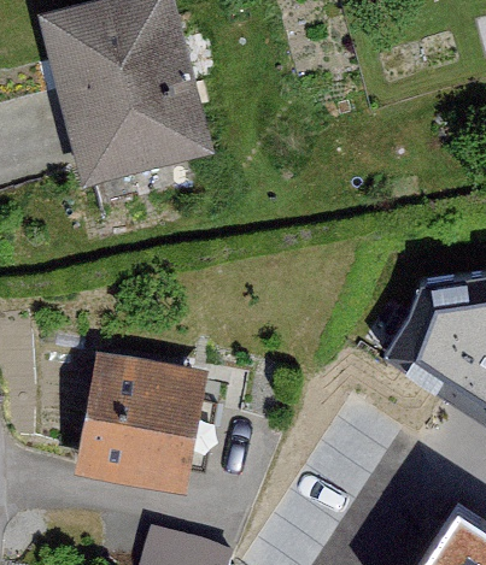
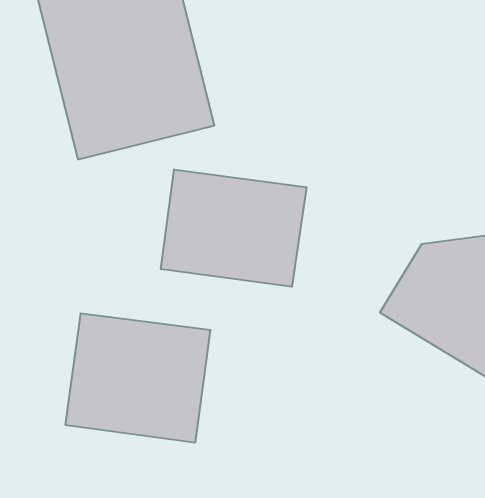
building: none -> [161,169,307,287]

